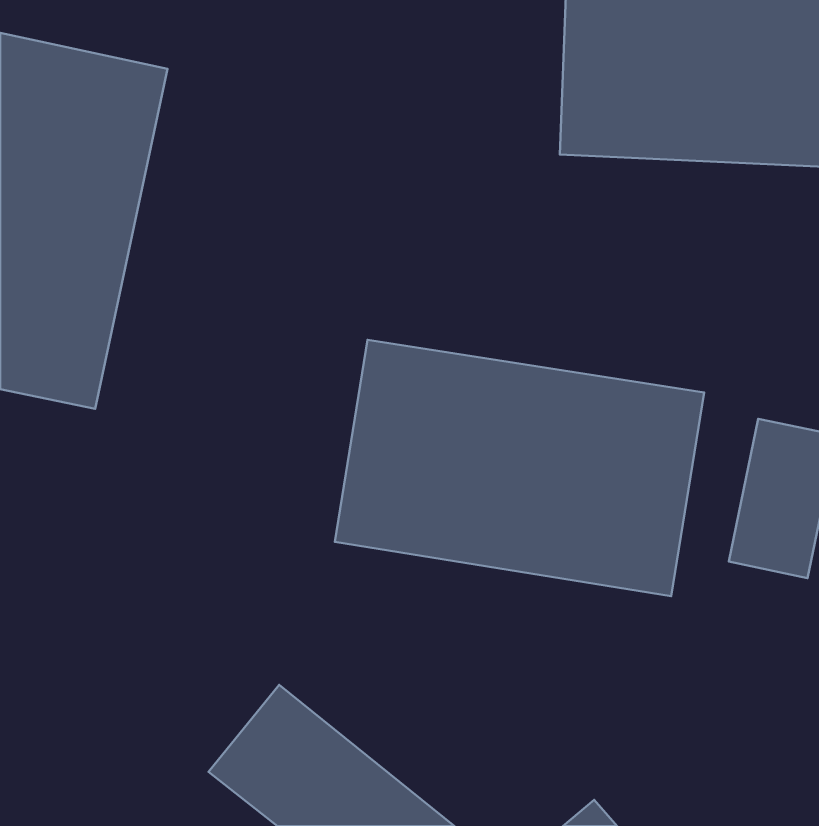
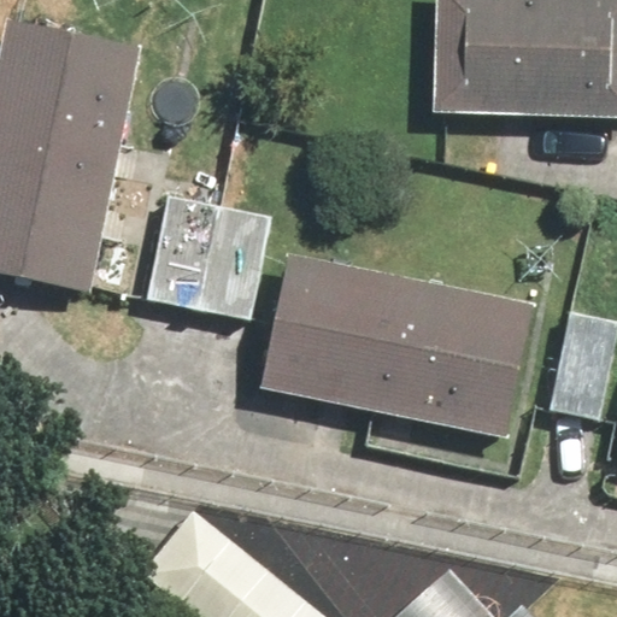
building: none -> [143,135,274,317]

